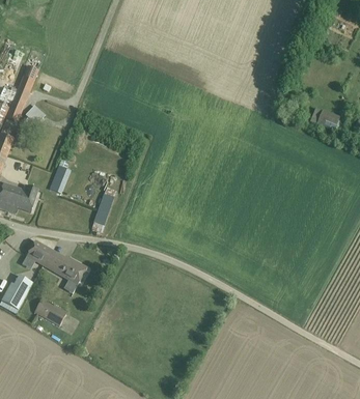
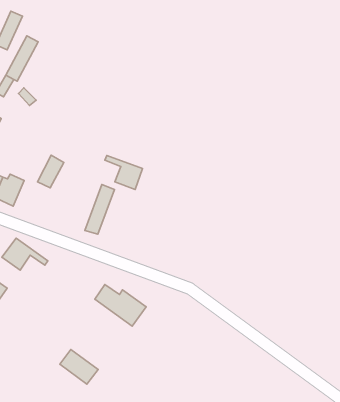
building: none -> [105,155,142,189]
building: [41,252,86,285] -> [95,285,146,326]
building: [33,297,66,325] -> [60,350,98,384]

